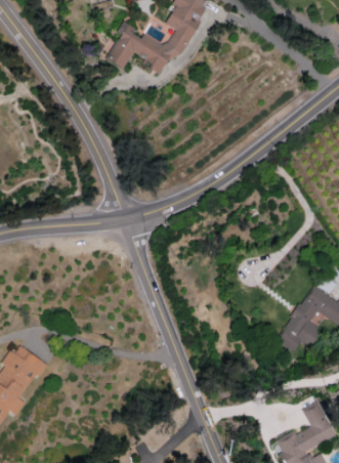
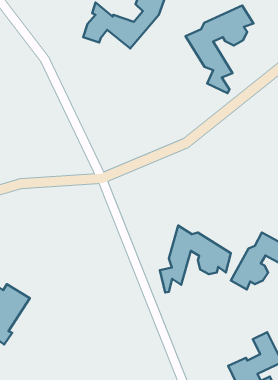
building: none -> [185,6,253,93]
building: none -> [160,225,231,292]

